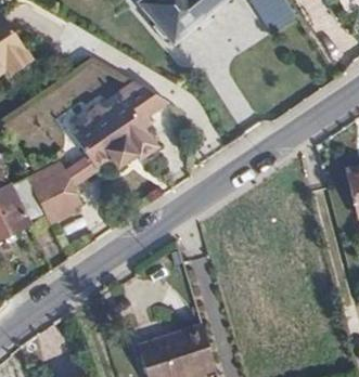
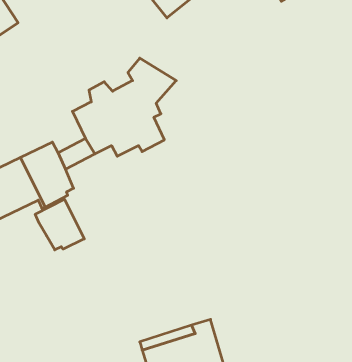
building: none -> [35,199,84,250]

